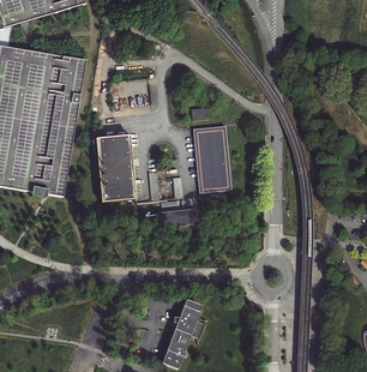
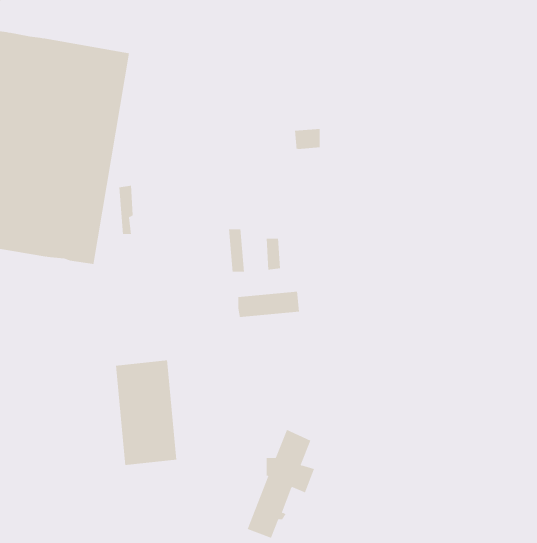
building: [192,127,229,198] -> none
building: [94,136,133,203] -> [115,360,177,466]

